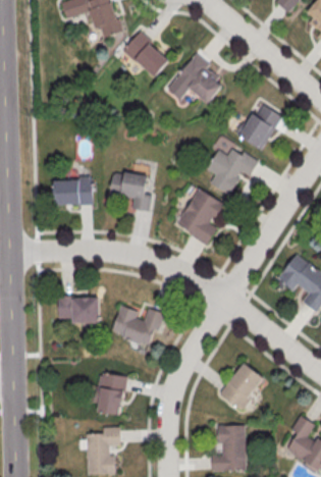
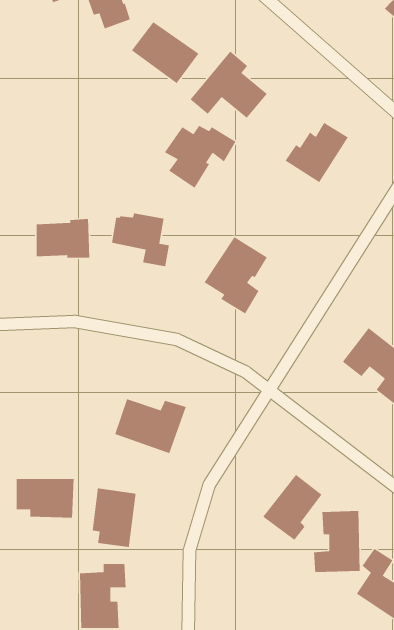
building: [206,149,259,196] -> [164,125,237,189]
building: [58,296,101,325] -> [16,478,74,518]
building: [211,425,246,471] -> [313,510,361,573]

